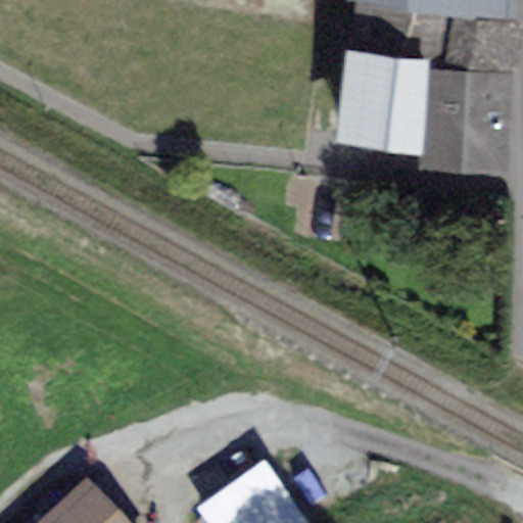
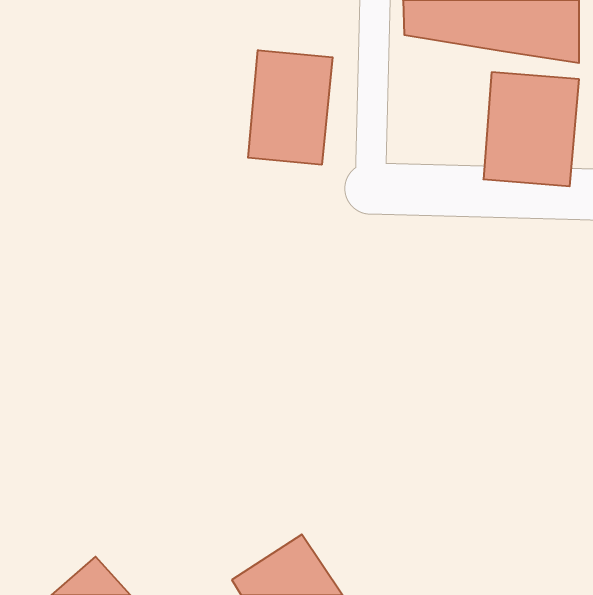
building: none -> [248,50,333,165]
building: [340,44,422,136] -> none

